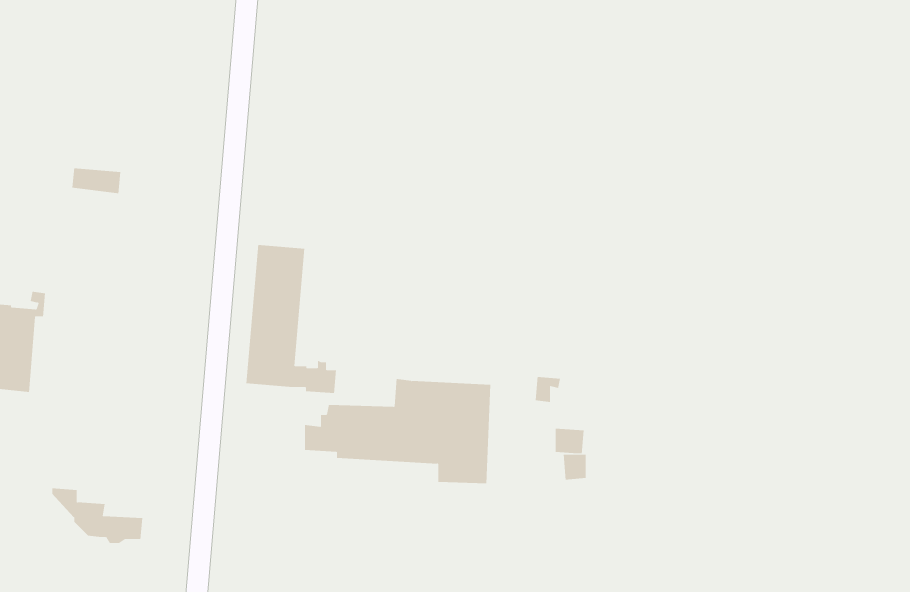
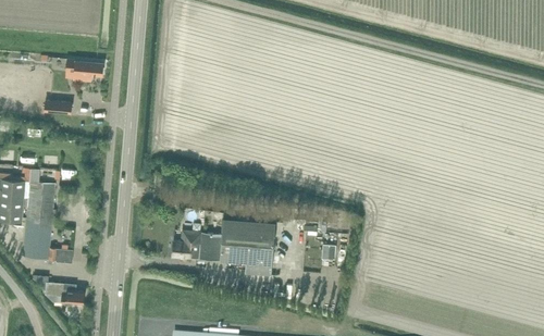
building: none -> [66,58,103,79]
building: [245,244,337,394] -> [23,181,73,262]

